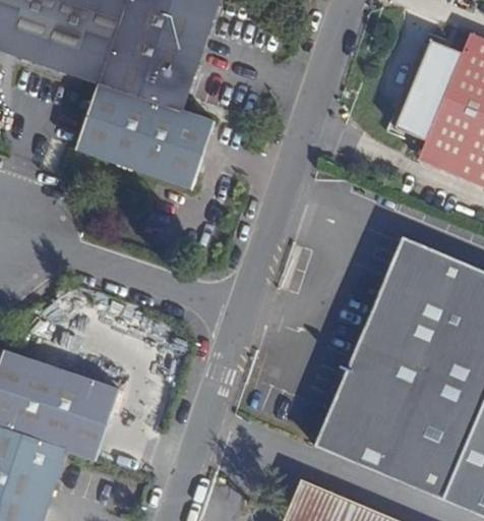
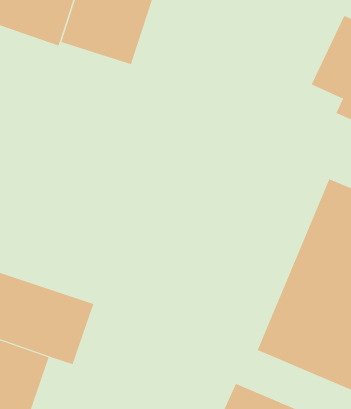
building: [70,75,204,173] -> none

